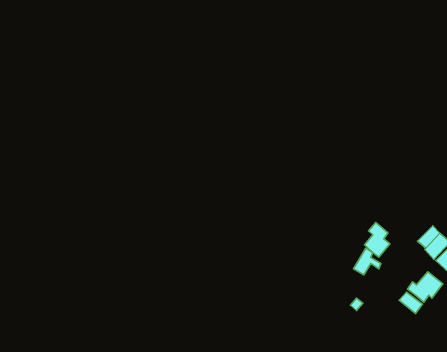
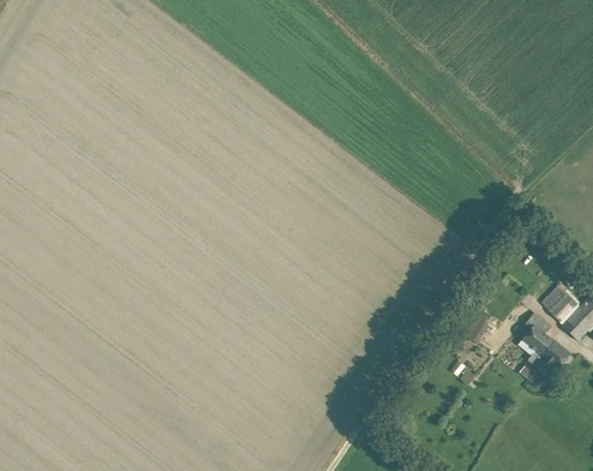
building: [365,223,390,257] -> [523,312,553,353]

